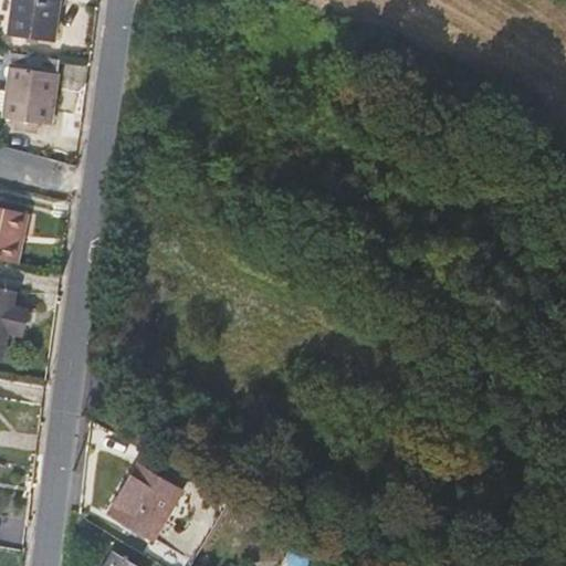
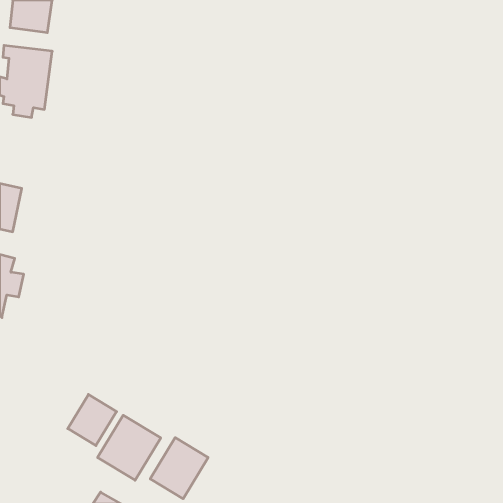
building: none -> [68,394,117,446]
building: none -> [150,438,208,499]

